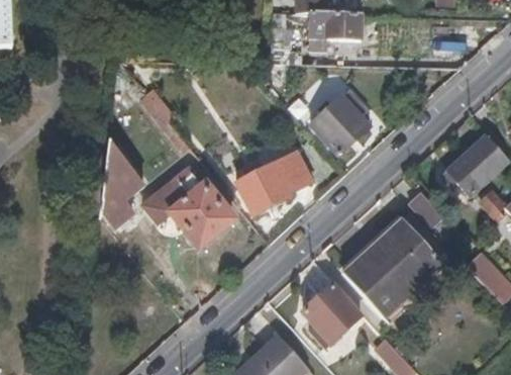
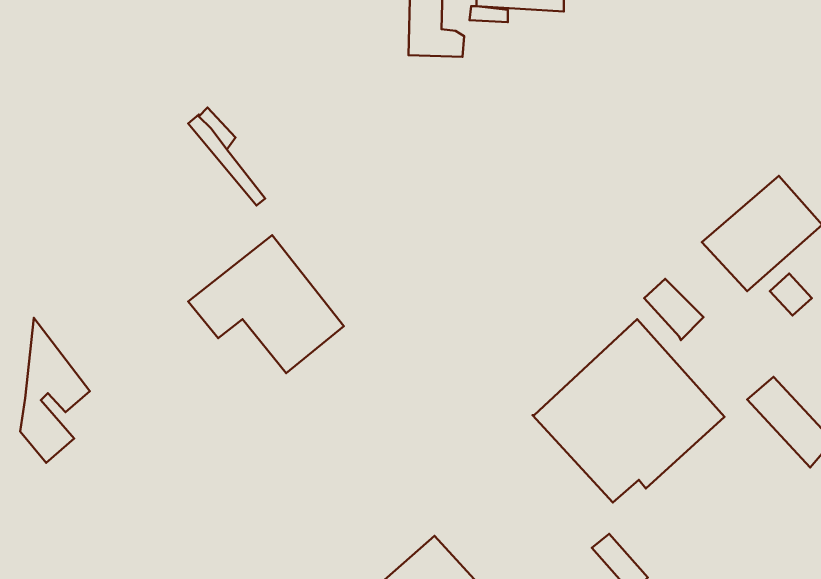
building: [312,97,373,158] -> none
building: [101,145,141,228] -> [20,318,90,463]
building: [231,151,305,218] -> none
building: [298,285,364,349] -> none

